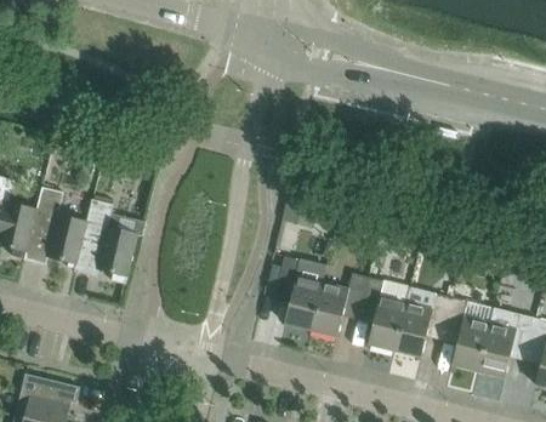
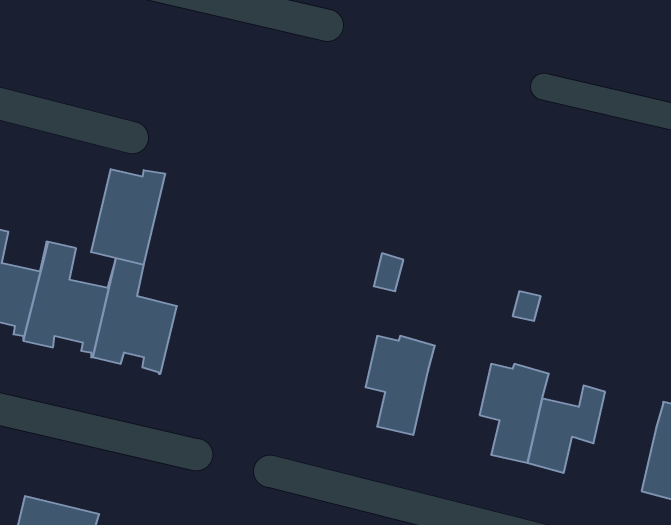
building: none -> [91,169,165,265]
building: [311,272,368,336] -> none
building: [443,297,494,370] -> none

